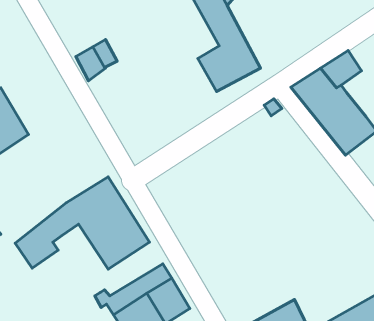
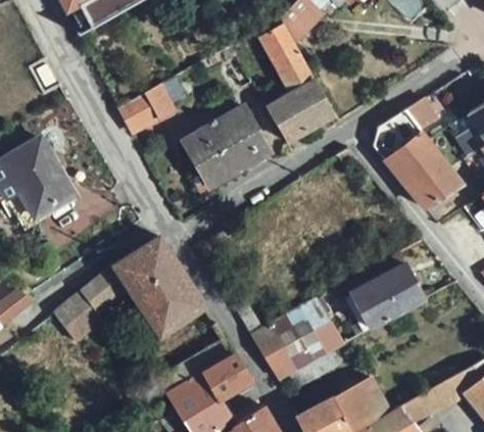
building: none -> [177,102,265,195]
building: none -> [346,253,427,330]
building: none -> [251,293,343,378]

